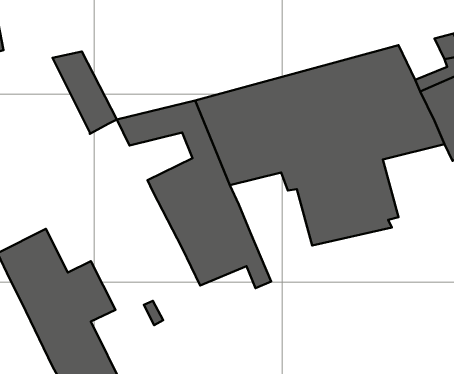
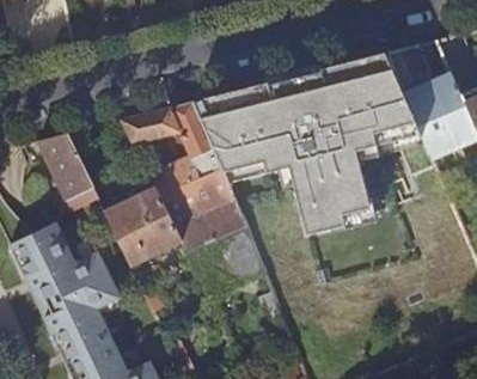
building: [52,52,117,134] -> [38,135,98,212]
building: none -> [105,188,182,267]

